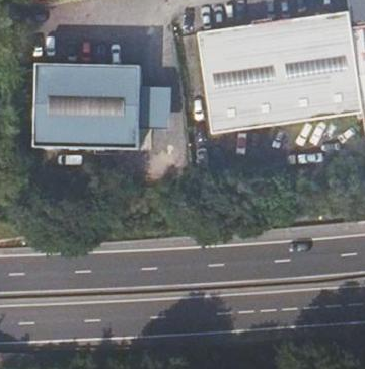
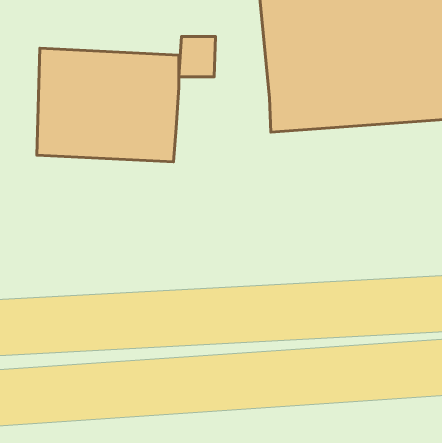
building: [138,91,165,122] -> [179,36,215,77]

